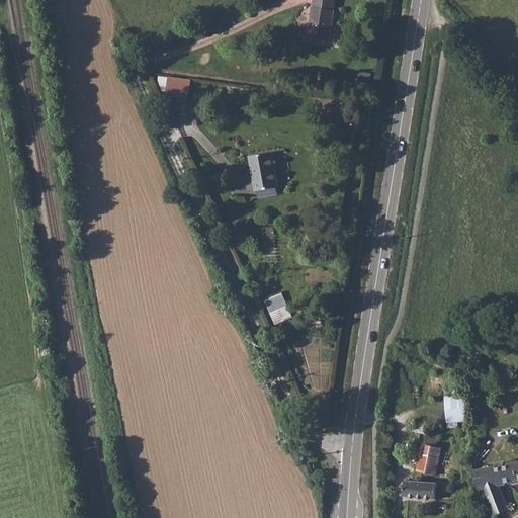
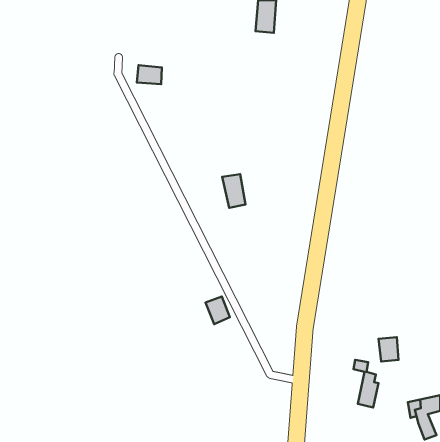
building: [252,153,279,192] -> [222,174,246,208]
building: [262,292,290,325] -> [205,296,230,324]
building: [407,481,440,498] -> none

